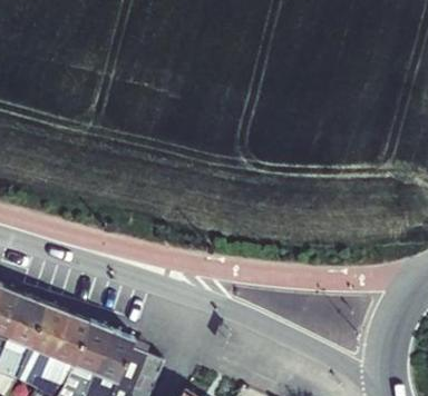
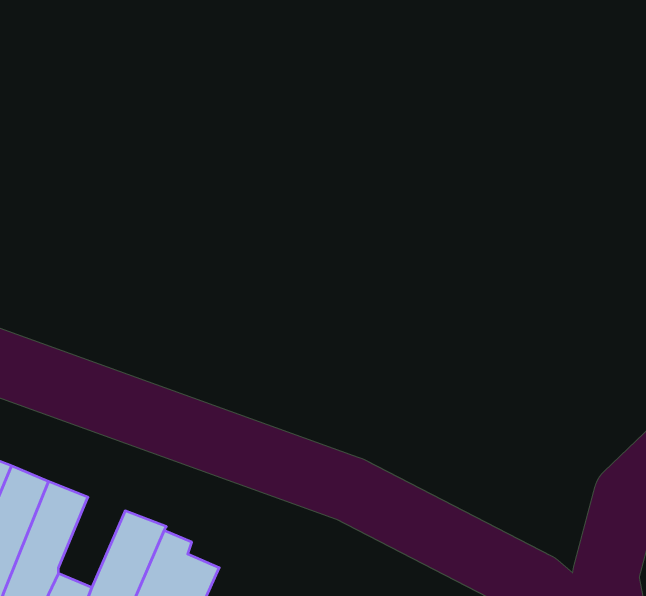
building: [74,320,111,372] -> none

